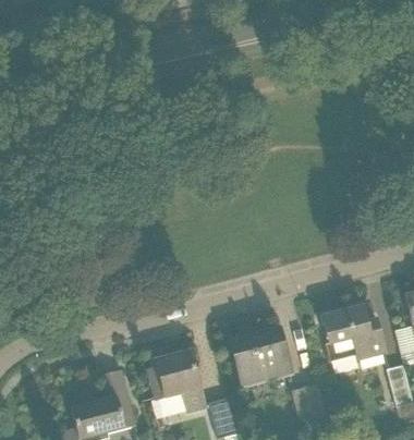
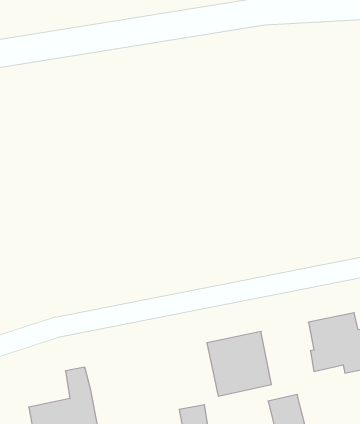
building: [147,349,205,411] -> none

